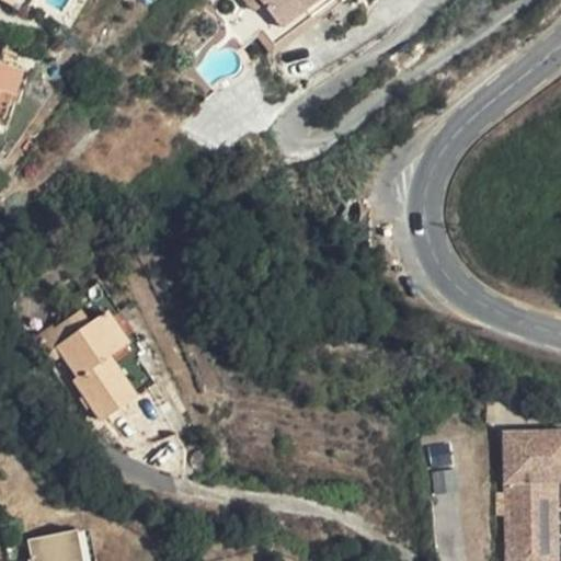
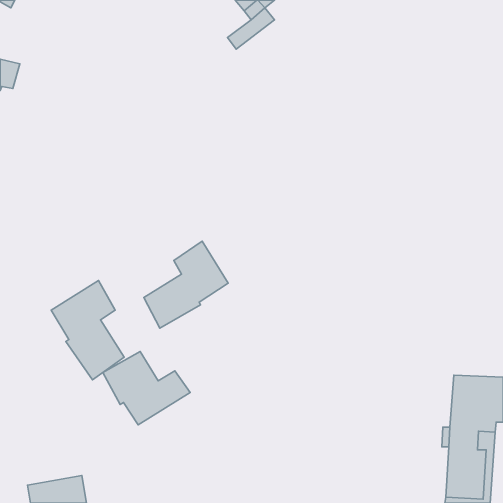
building: none -> [144,241,228,328]
building: none -> [103,352,190,425]

